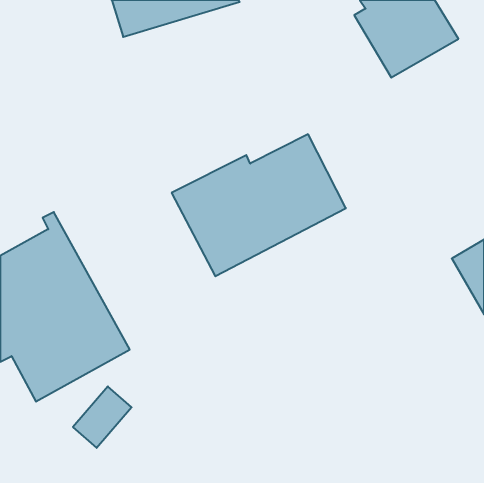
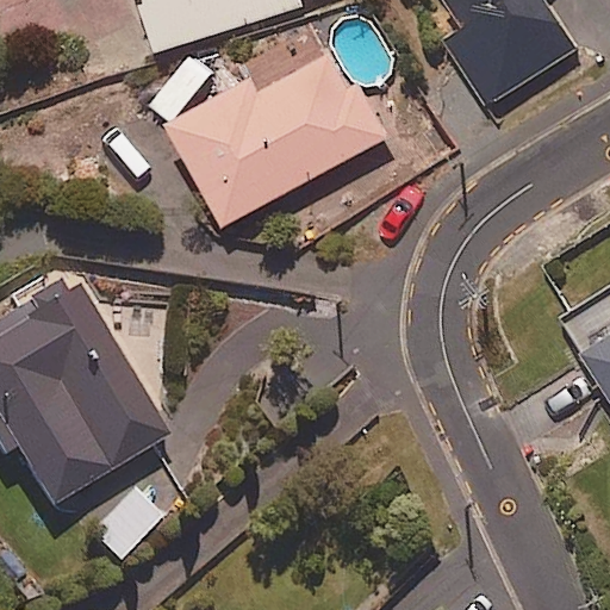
building: [172,134,346,276] -> [168,44,387,223]

